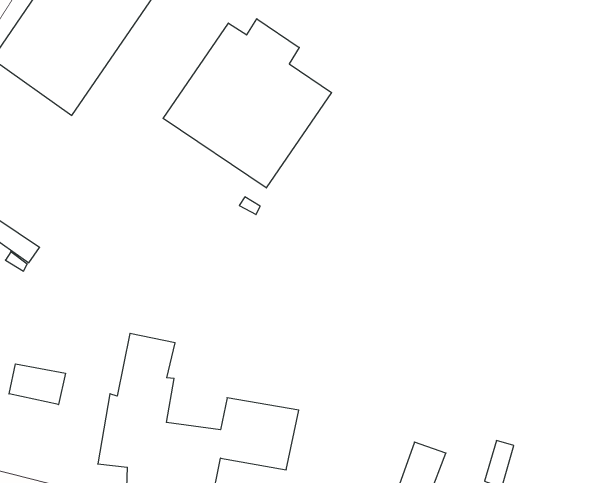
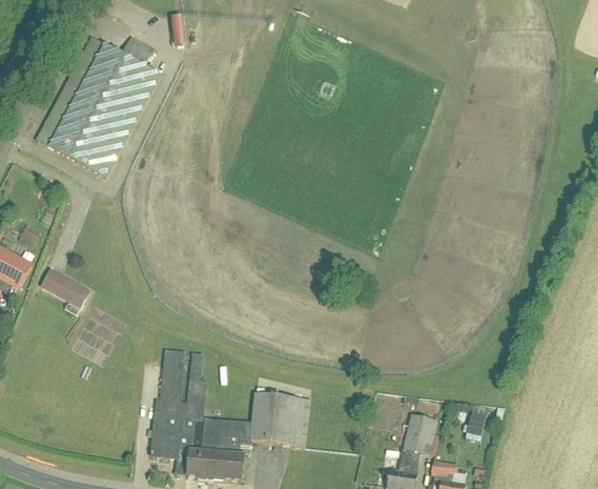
building: [163,19,332,188] -> none
building: [9,364,65,405] -> none

